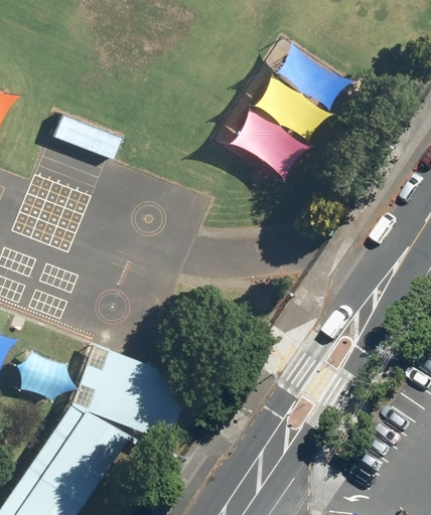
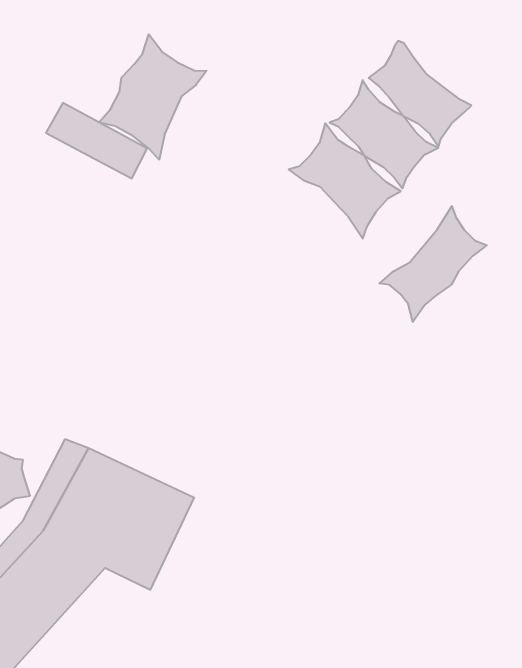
building: none -> [99,34,207,160]
building: none -> [379,206,487,322]

